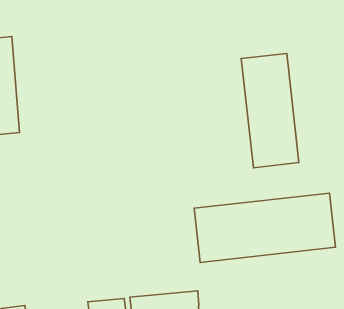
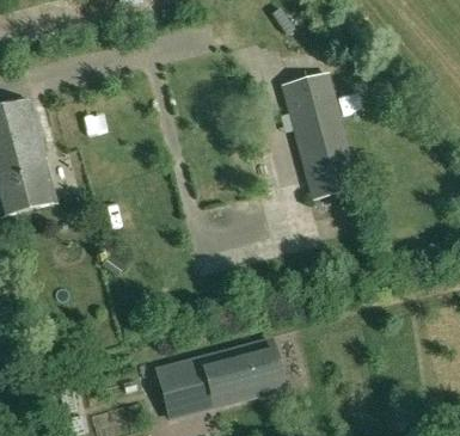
building: [194,193,335,262] -> none

